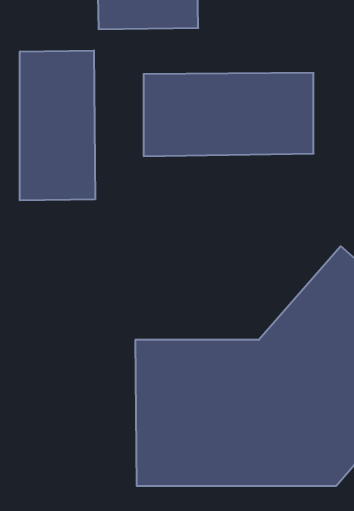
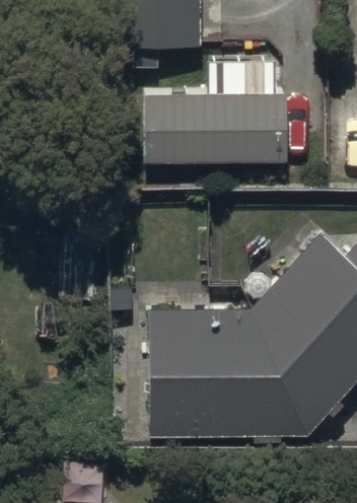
building: [20,50,95,200] -> none

